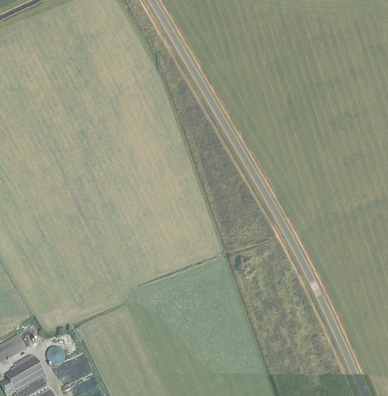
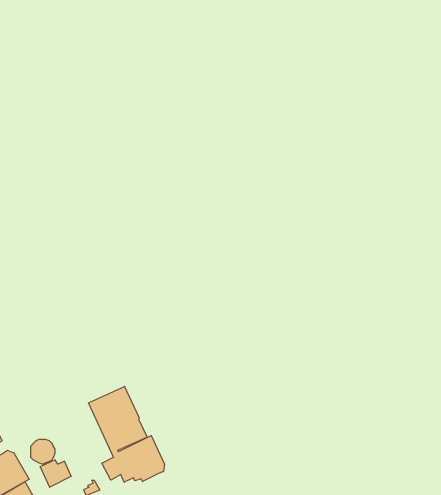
building: none -> [88,386,165,482]

